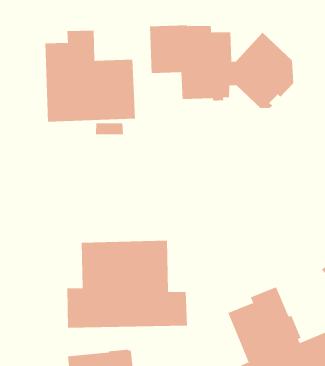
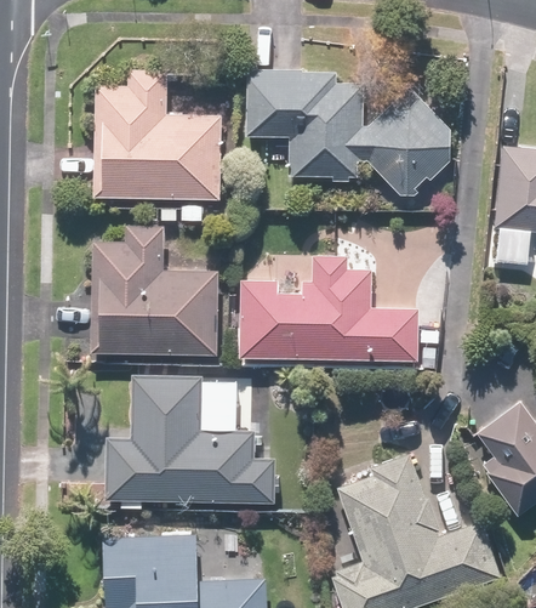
building: none -> [90,226,218,356]
building: none -> [238,256,418,362]

